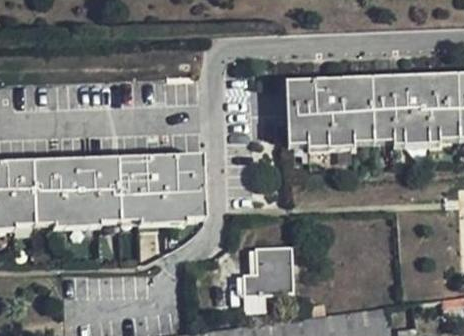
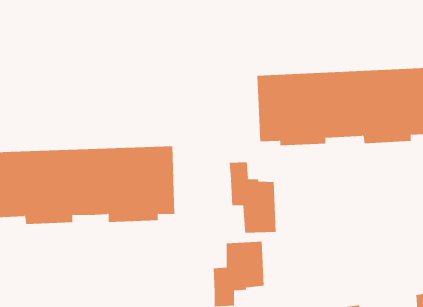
building: none -> [229,161,276,233]

